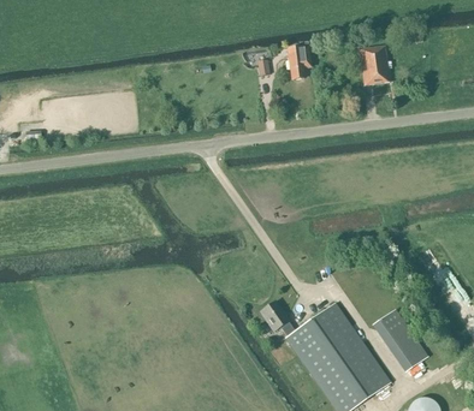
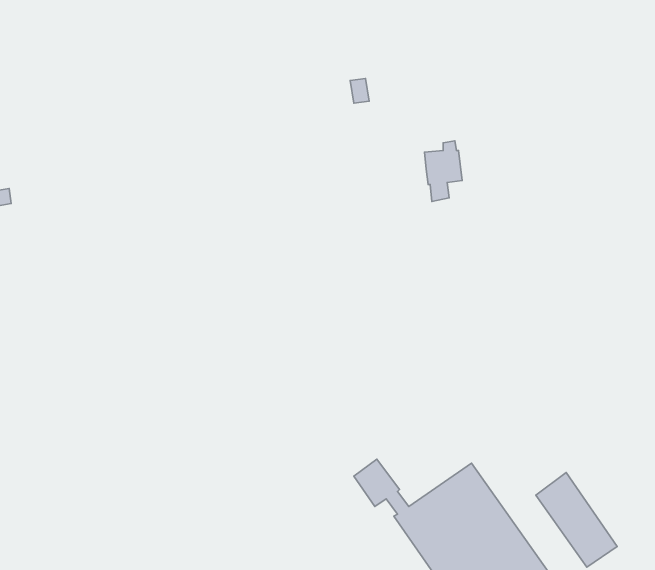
building: [288,41,312,79] -> [424,141,462,201]
building: [360,46,389,84] -> none

